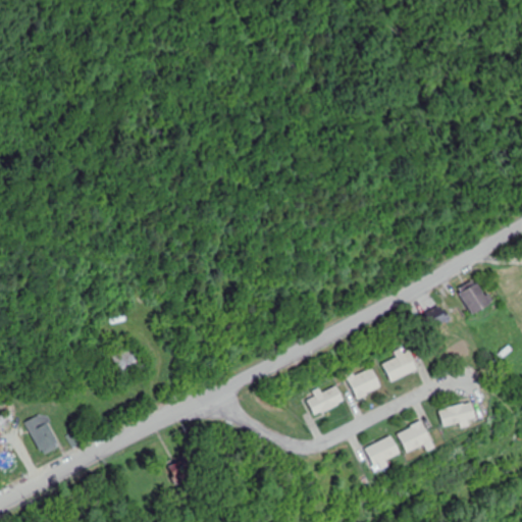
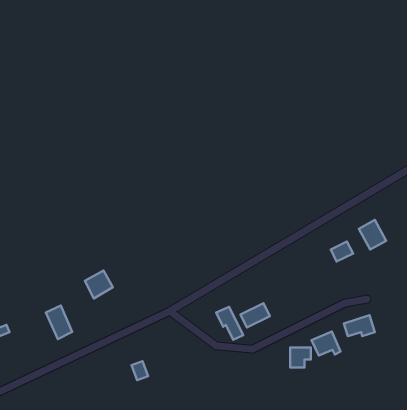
building: [382,347,417,381] -> none
building: [345,368,380,399] -> none
building: none -> [216,307,243,340]
building: [24,413,58,456] -> [46,305,72,339]

